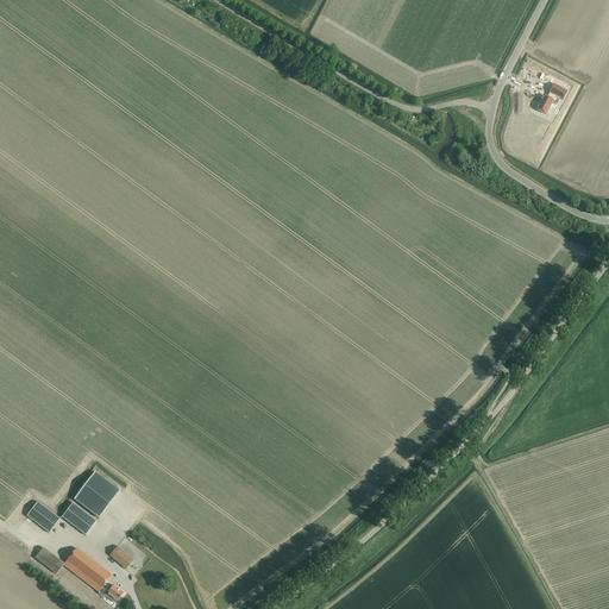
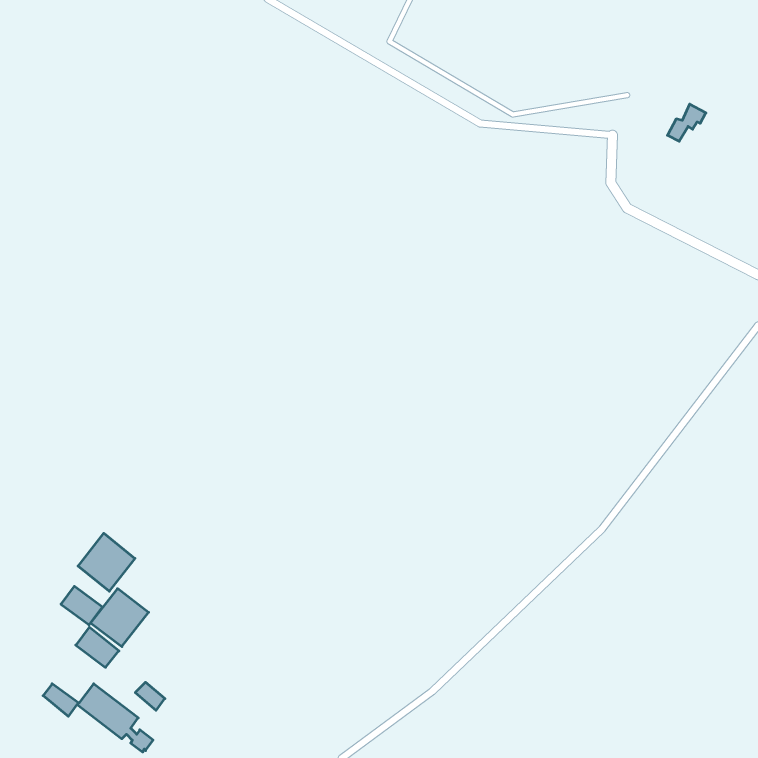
building: none -> [78,533,135,591]
building: [26,501,59,532] -> [61,586,102,625]

